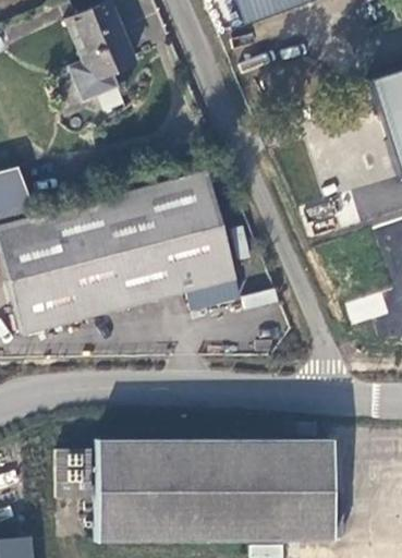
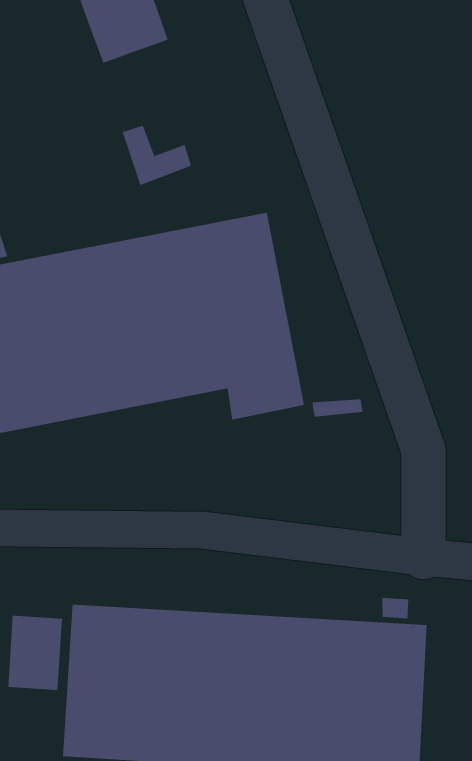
building: [70,60,118,100] -> [122,125,192,186]

